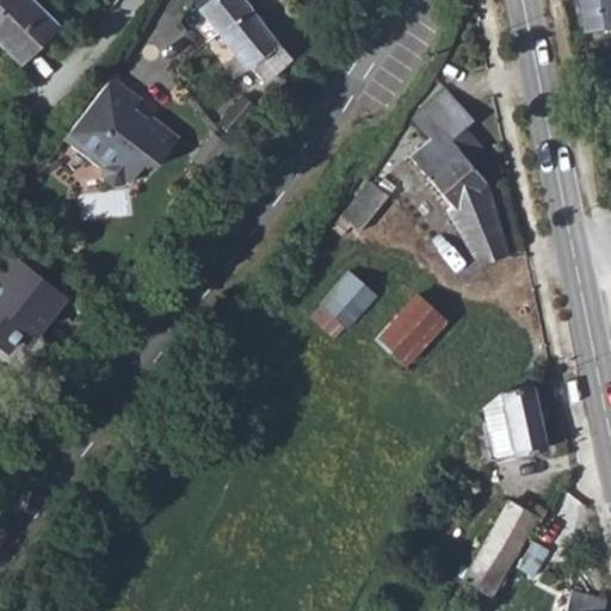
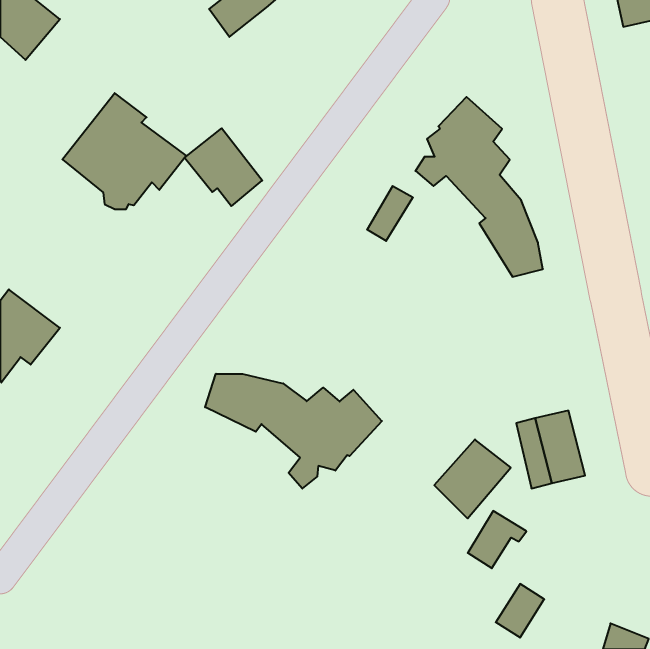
building: [216,7,289,80] -> [185,128,262,206]
building: [320,267,376,325] -> none
building: [381,292,452,366] -> [434,439,511,518]
building: none -> [205,374,382,489]
building: [488,507,543,561] -> [468,511,526,568]

